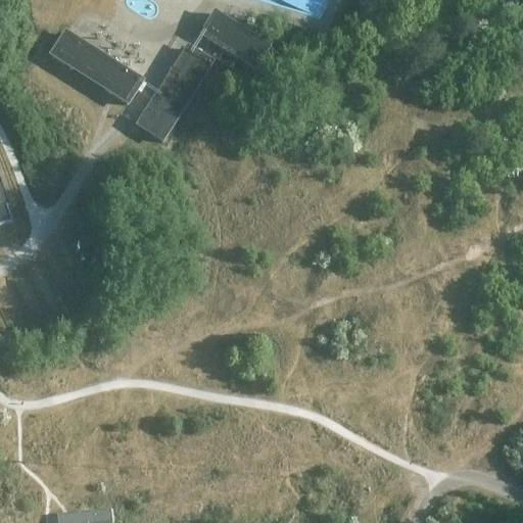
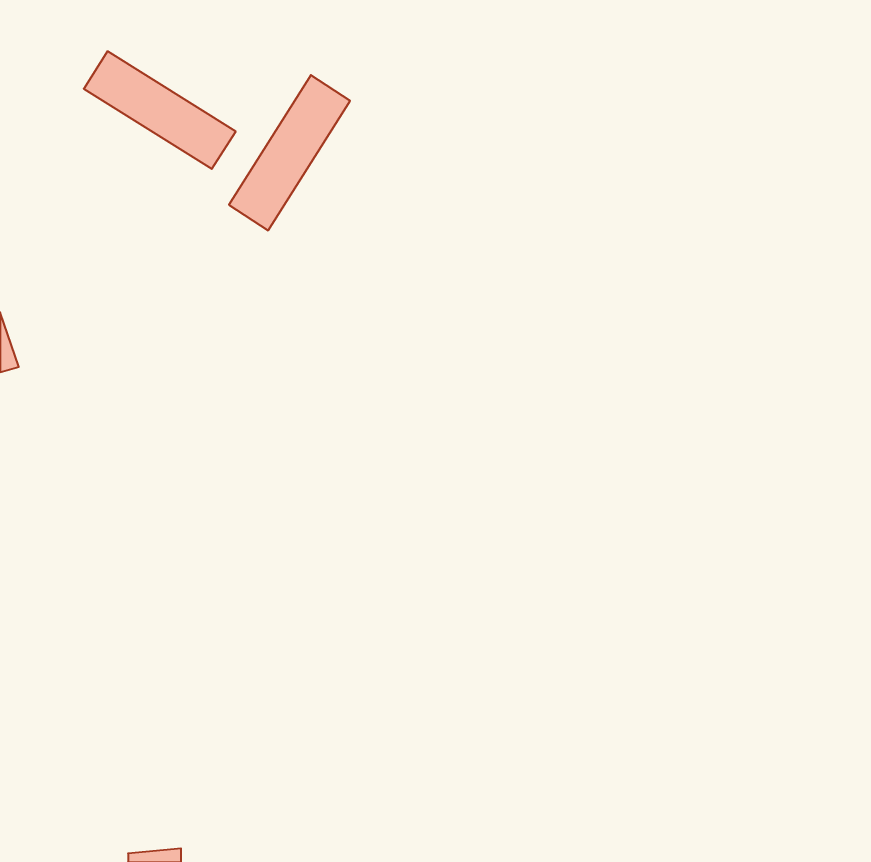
building: [199,9,270,67] -> none

